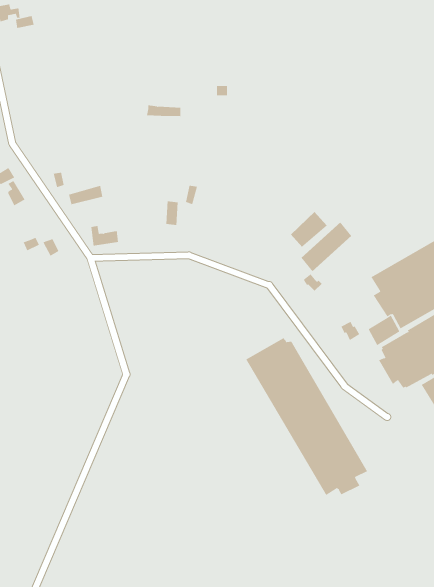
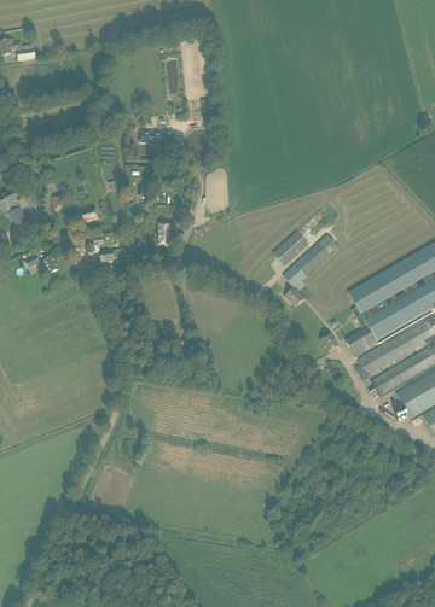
building: [246,337,368,496] -> none

